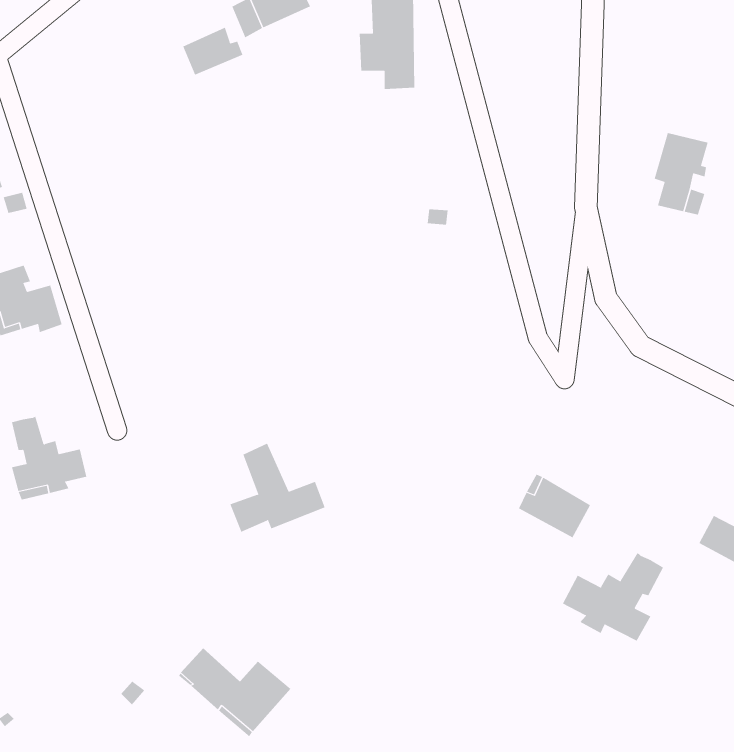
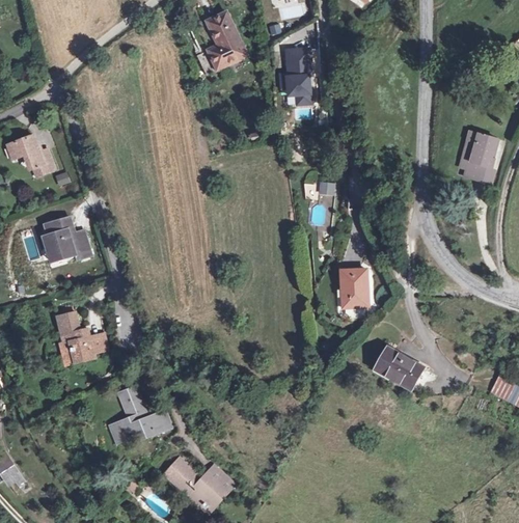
building: [183,27,243,75] -> none
building: none -> [342,269,367,307]
building: [229,443,325,532] -> [111,386,171,442]
building: [562,552,664,642] -> none

